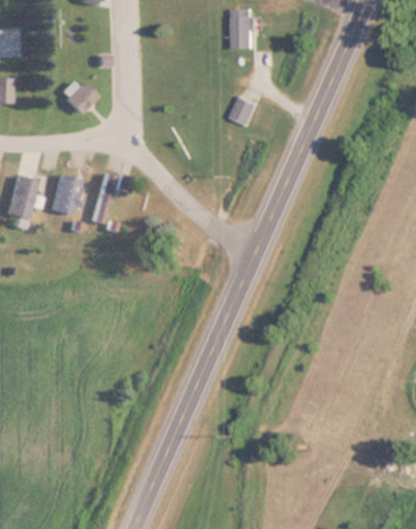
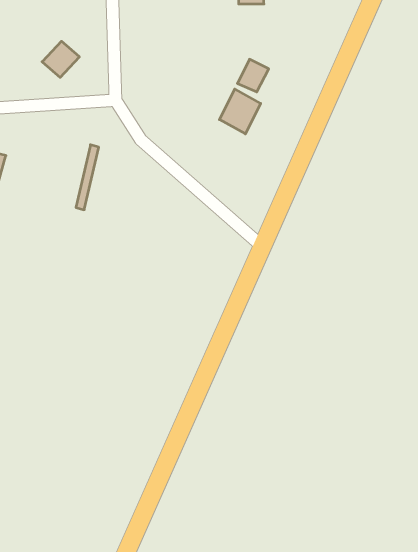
building: none -> [219,89,261,134]
building: [51,173,77,213] -> none

